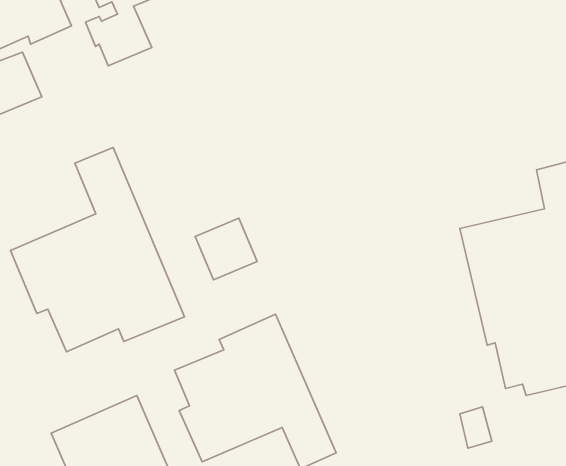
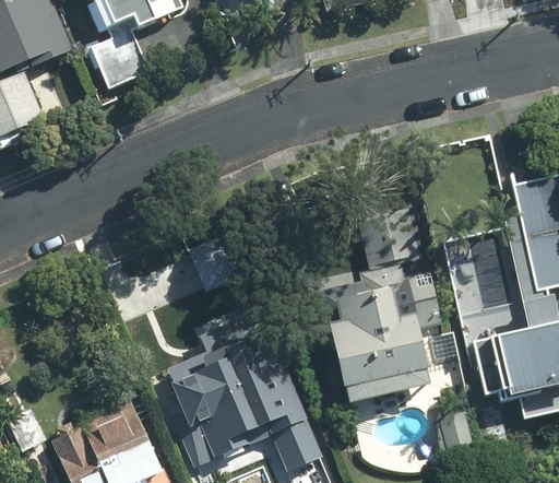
building: [11,148,184,352] -> none
building: none -> [319,213,443,402]

